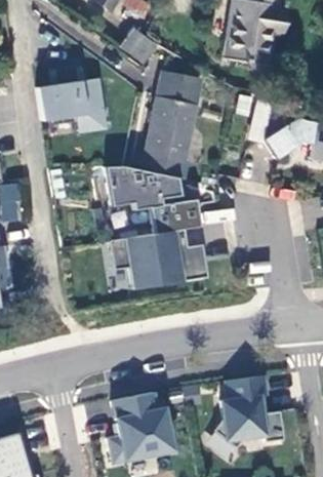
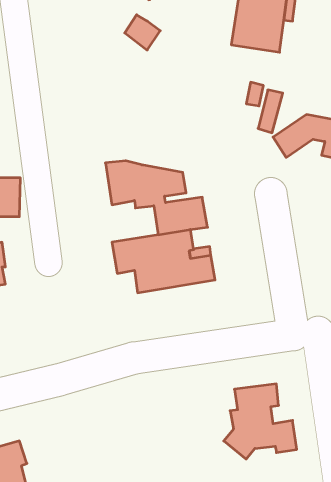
building: [137,69,201,180] -> none
building: [35,82,104,135] -> none
building: [108,395,173,465] -> none

